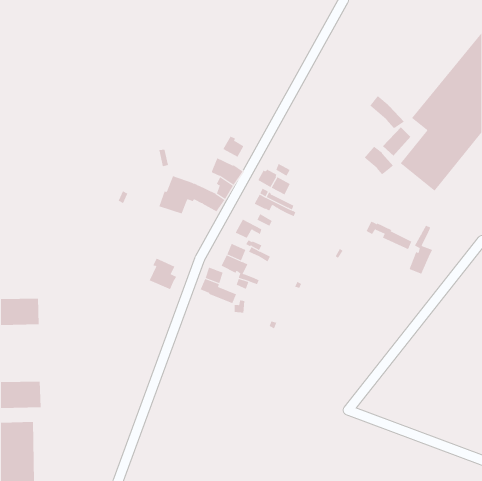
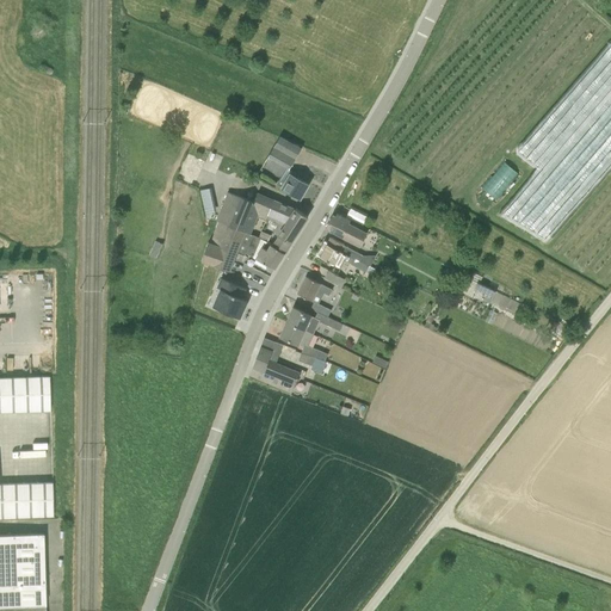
building: [370,95,405,129] -> none
building: none -> [267,138,301,171]
building: [364,146,394,175] -> none
building: none -> [216,193,274,235]
building: [409,225,433,275] -> none
building: [149,258,177,290] -> [212,279,248,320]

